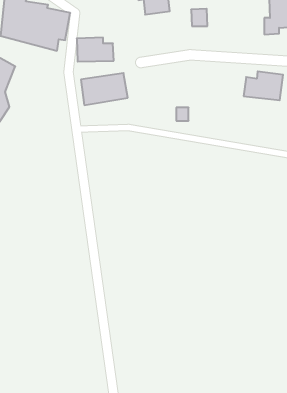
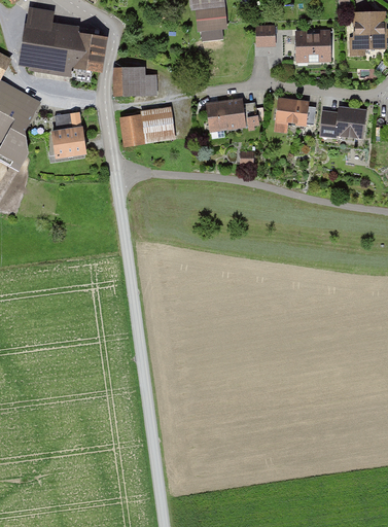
building: none -> [295,32,333,64]
building: none -> [207,99,261,133]
building: none -> [275,99,311,135]
building: none -> [46,109,85,159]

